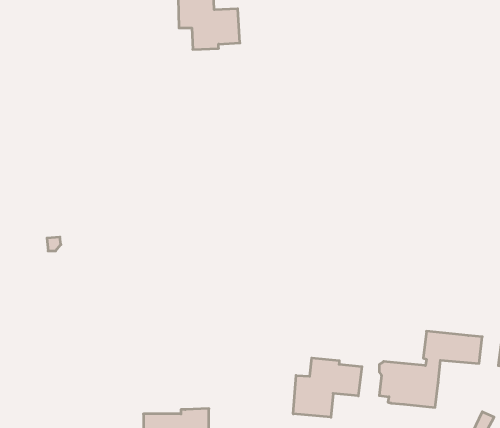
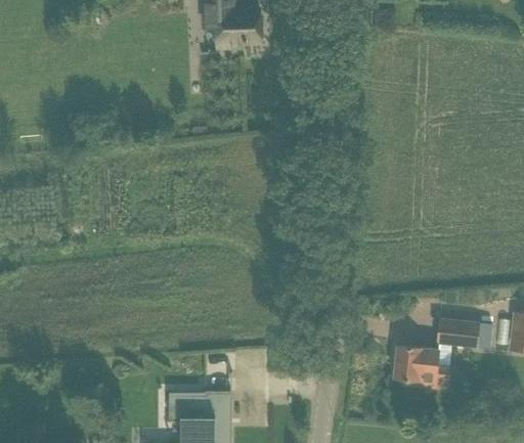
building: [293,358,362,417] -> none

